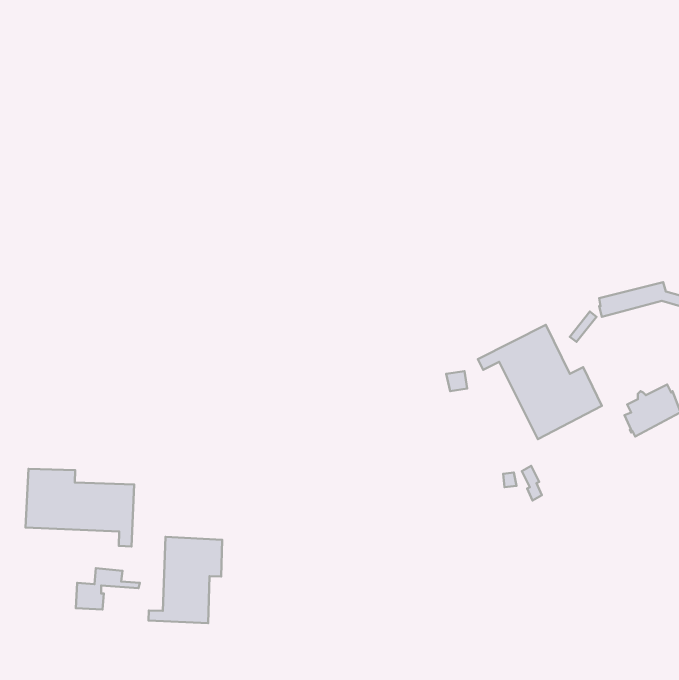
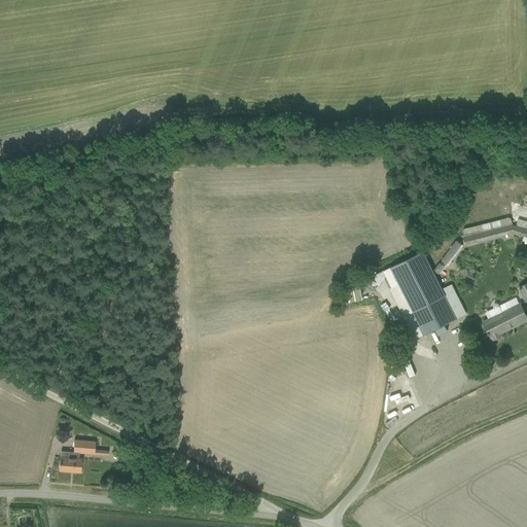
building: [25,469,134,546] -> none
building: [148,537,222,623] -> none

